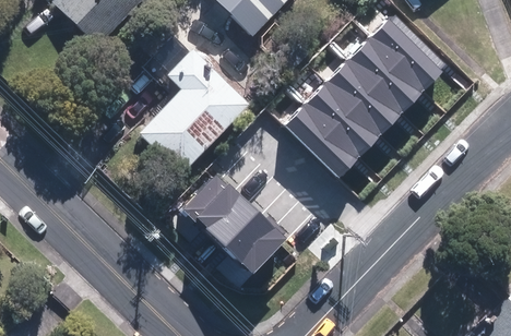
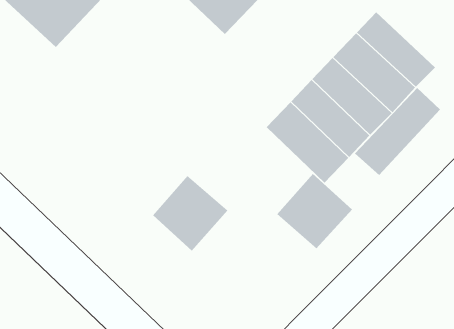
building: [130,51,243,179] -> none
building: none -> [354,87,441,176]
building: [223,202,294,273] -> [277,173,353,249]

